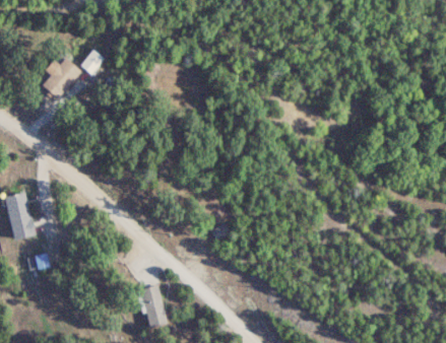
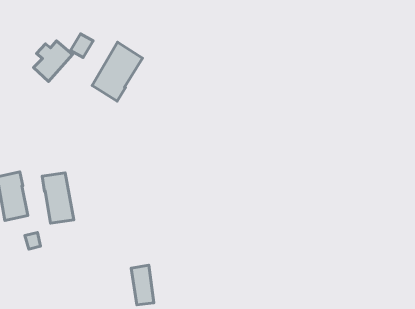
building: none -> [92,42,142,101]
building: none -> [42,173,74,223]

